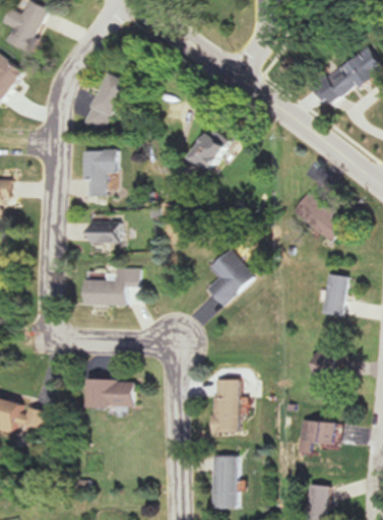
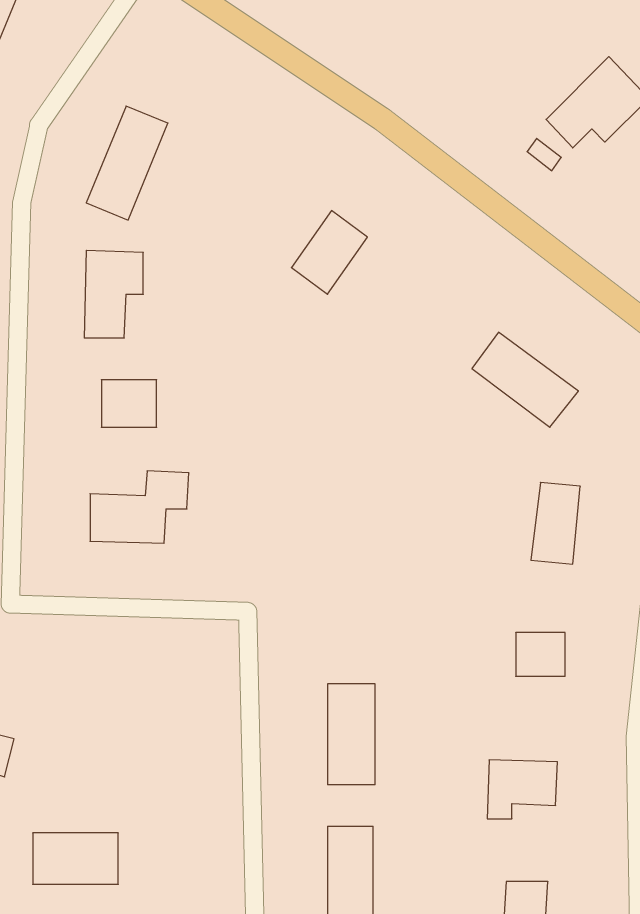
building: [205,249,253,306] -> none
building: [87,380,133,407] -> [33,833,118,884]

